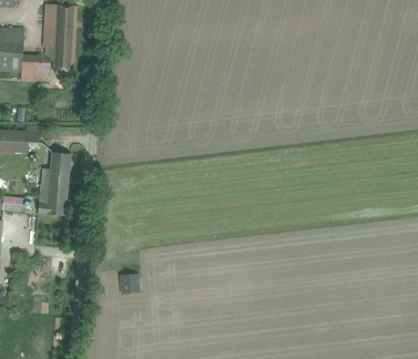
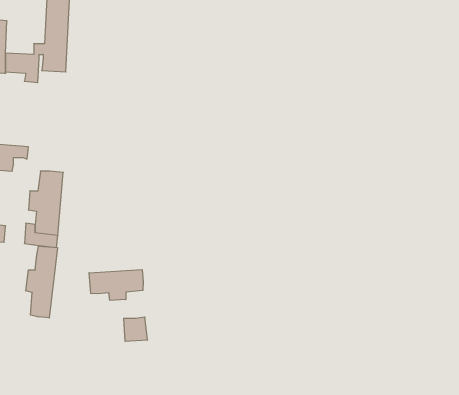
building: none -> [26,246,58,318]
building: none -> [89,270,143,300]

